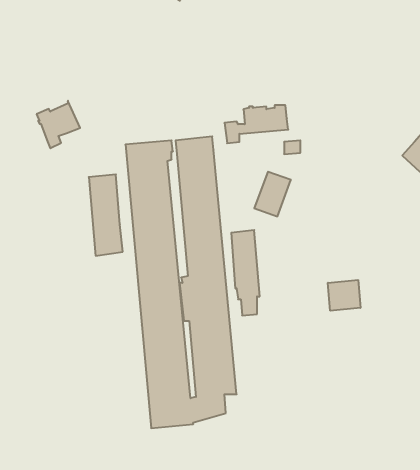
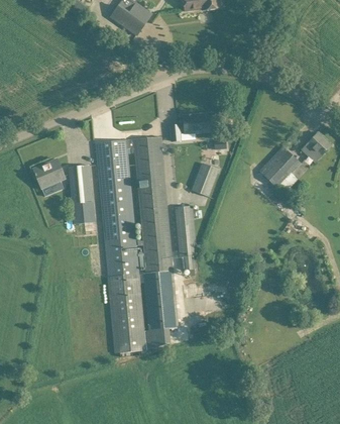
building: [37,101,80,148] -> [33,158,66,194]
building: none -> [259,146,300,191]
building: [328,280,360,311] -> none

